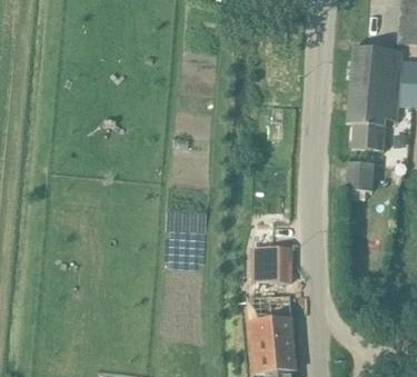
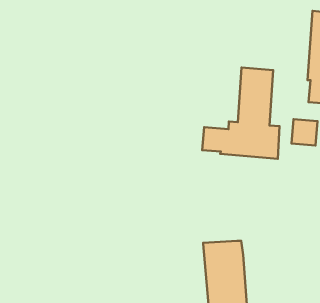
building: none -> [202,68,280,159]
building: [250,249,291,284] -> none

